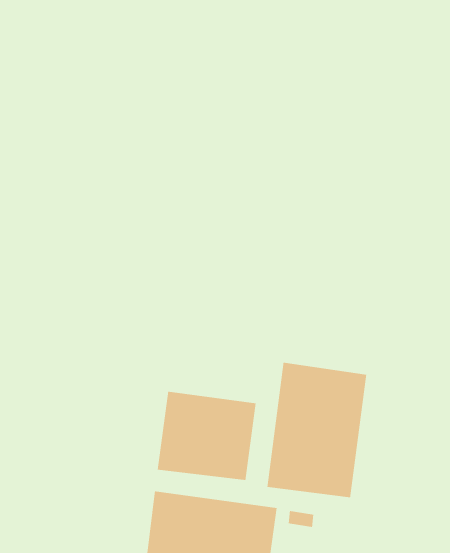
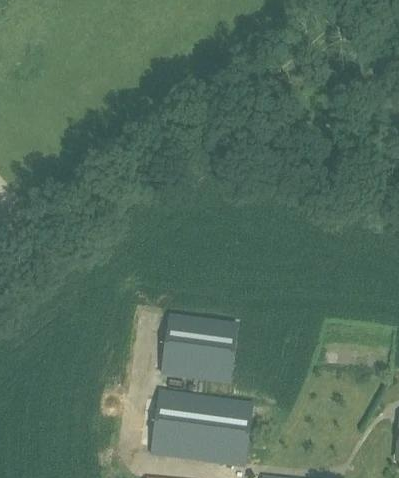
building: [267,362,367,498] -> none

